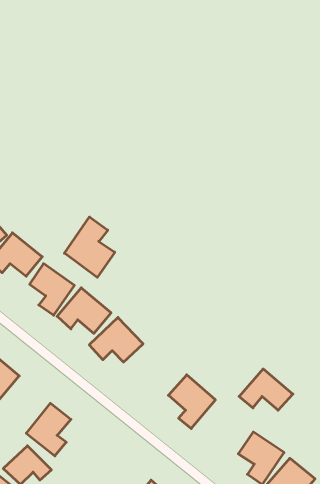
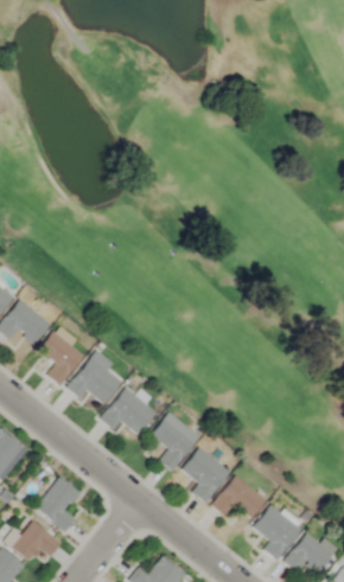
building: [64,217,115,277] -> none
building: none -> [151,411,202,472]
building: [239,369,293,410] -> [212,475,268,518]

